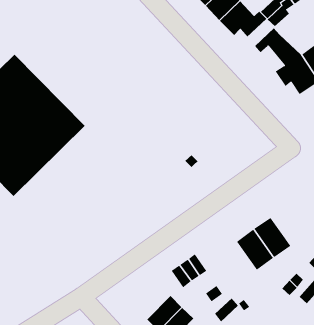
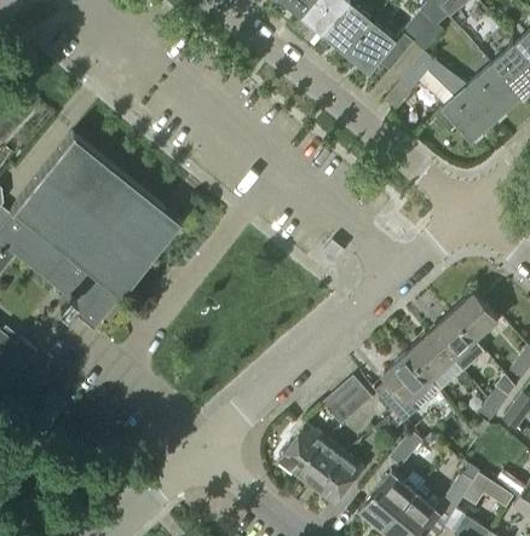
building: none -> [451,294,497,340]
building: none -> [385,353,440,422]
building: none -> [278,423,327,476]

